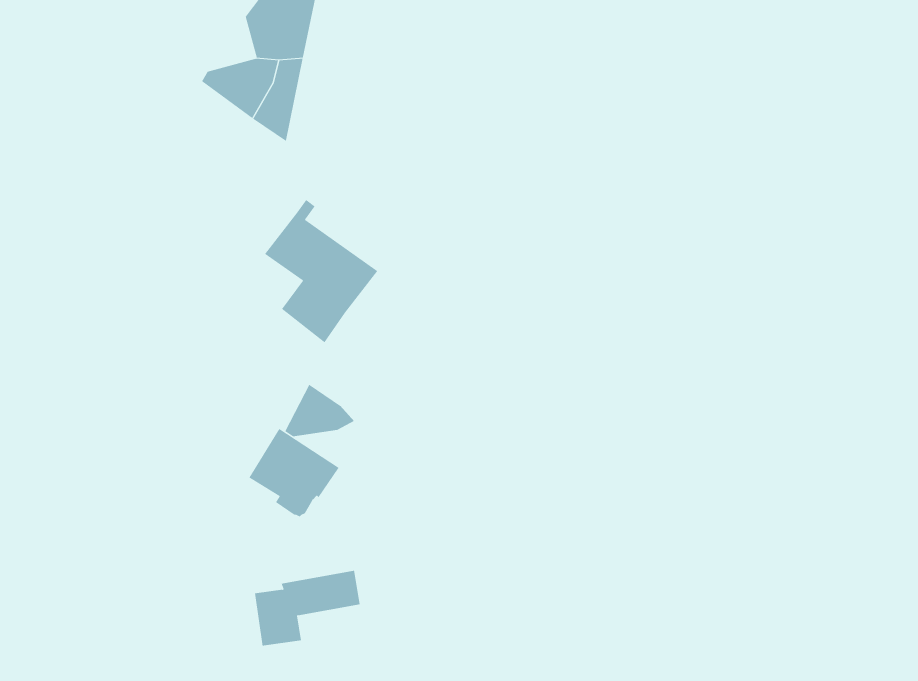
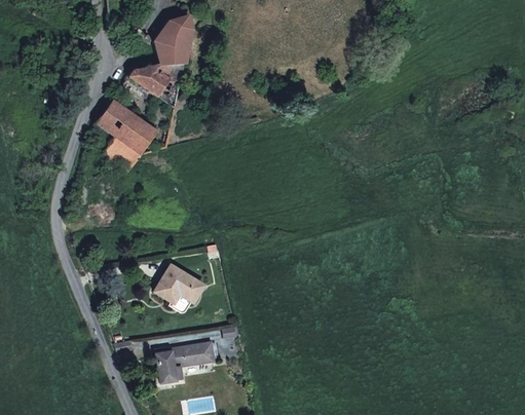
building: [264,199,378,343] -> [96,91,157,169]
building: [284,384,355,437] -> none

